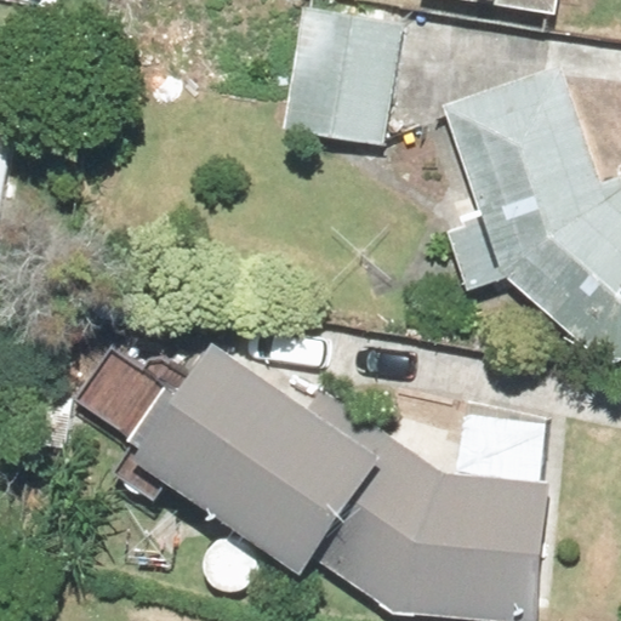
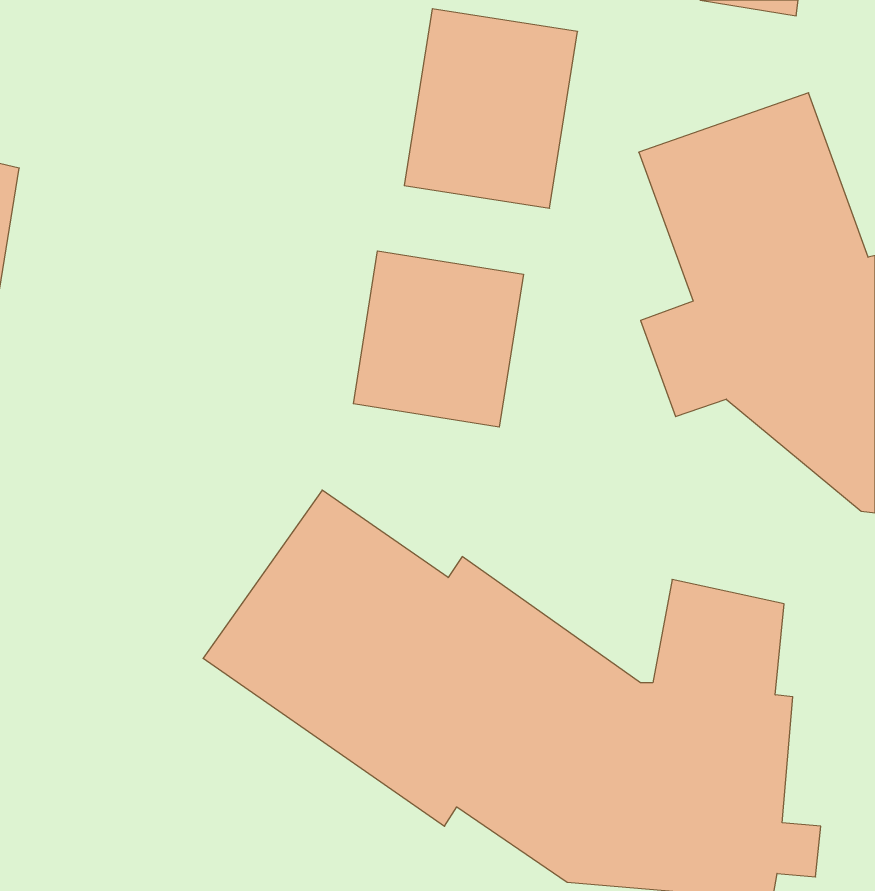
building: none -> [353,251,523,427]

